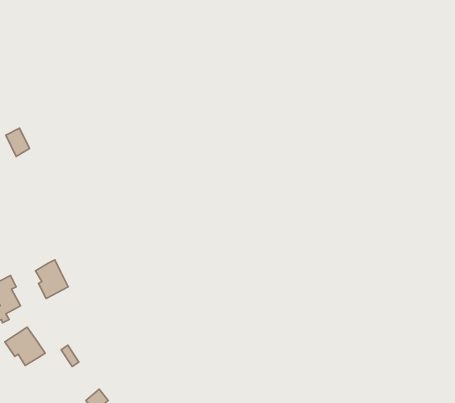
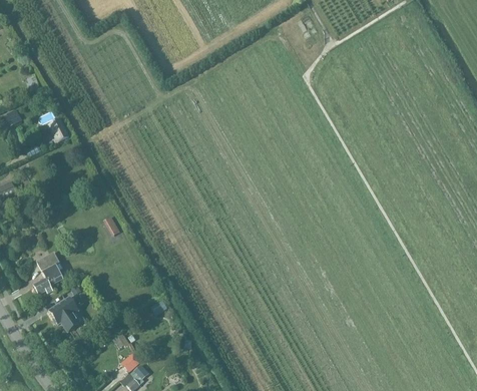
building: [36,260,68,299] -> none

